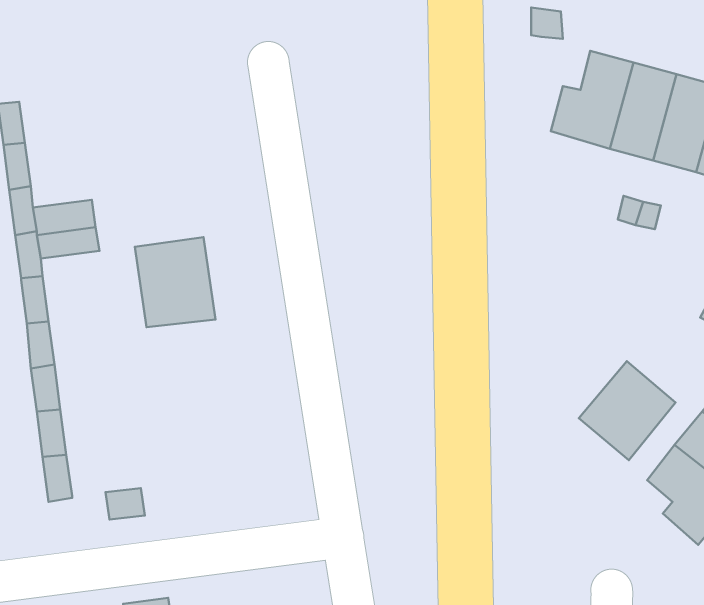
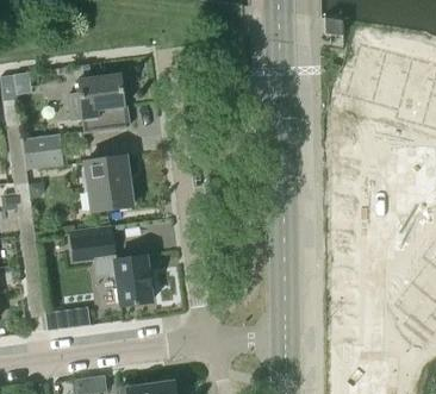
building: none -> [67,73,127,132]
building: [579,361,676,460] -> none
building: none -> [73,234,152,306]

